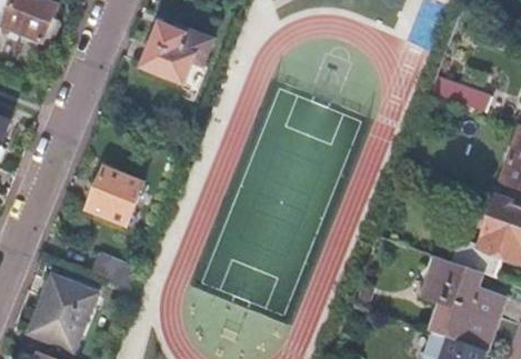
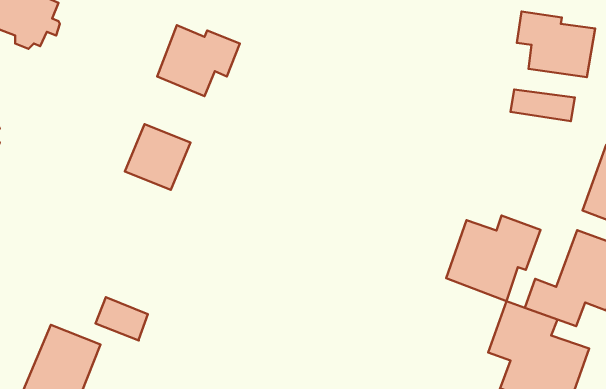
building: none -> [517,11,595,77]
building: [86,169,141,225] -> [125,124,191,190]
building: none -> [446,216,540,301]

